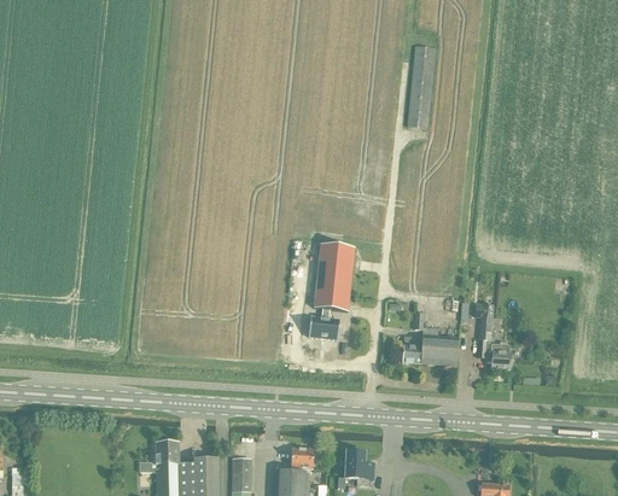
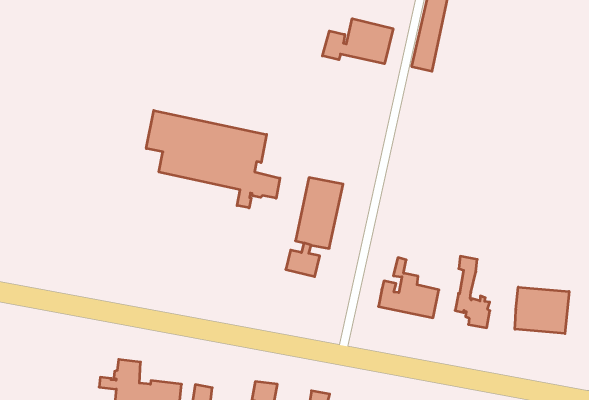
building: none -> [322,19,393,64]
building: none -> [146,110,280,208]
building: none -> [515,287,569,334]

